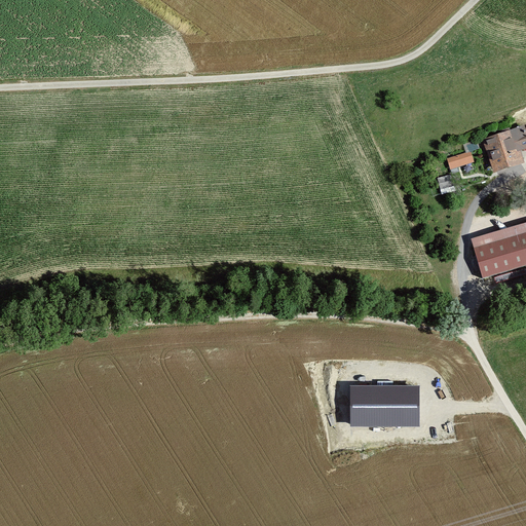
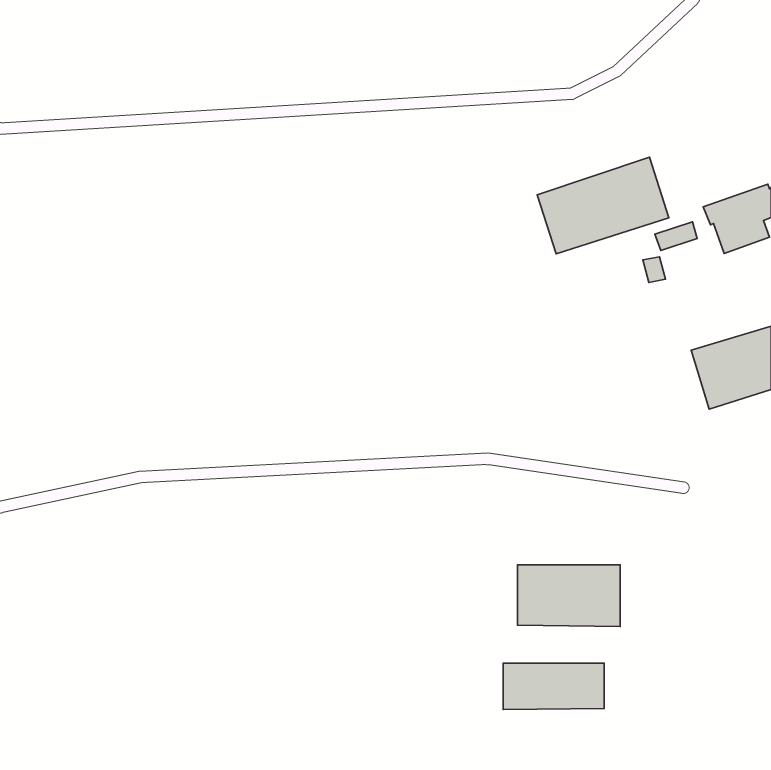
building: none -> [537,157,669,254]
building: none -> [503,663,604,710]

